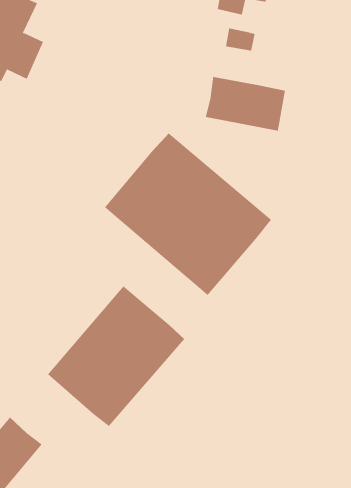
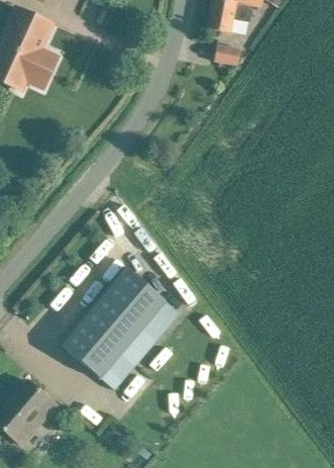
building: [205,76,286,132] -> none
building: [104,132,272,296] -> none

